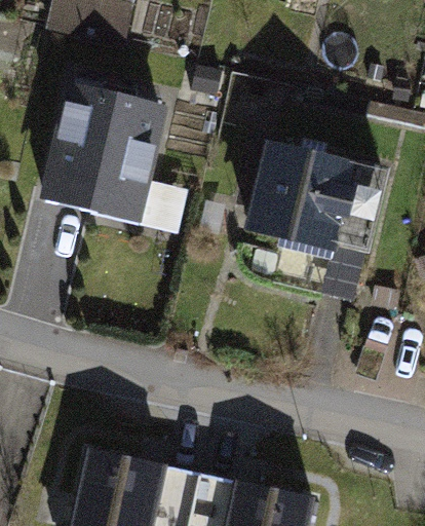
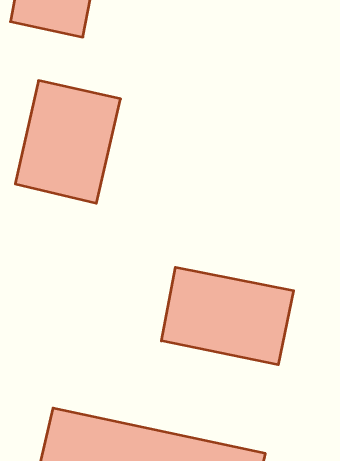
building: [252,152,372,257] -> none
building: none -> [161,267,294,365]

